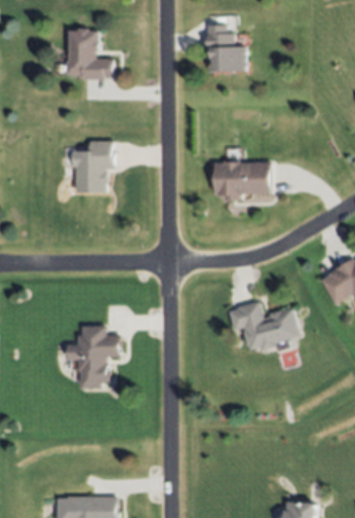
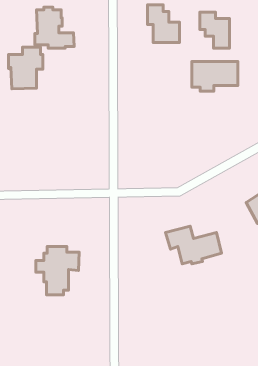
building: none -> [200,12,230,48]
building: [71,141,114,193] -> [8,47,43,89]
building: [213,163,271,200] -> [192,62,238,91]

